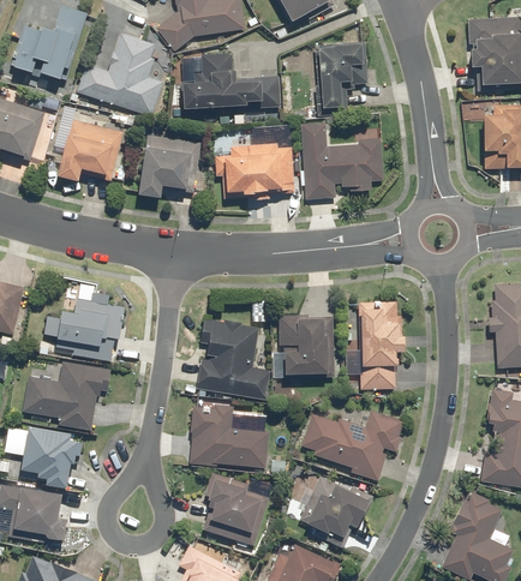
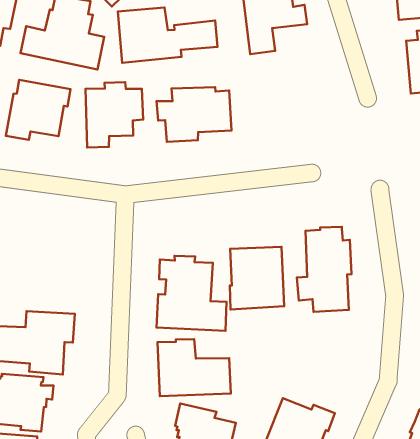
building: [299,121,385,200] -> none
building: [46,292,127,359] -> none
building: [300,411,406,480] -> none

